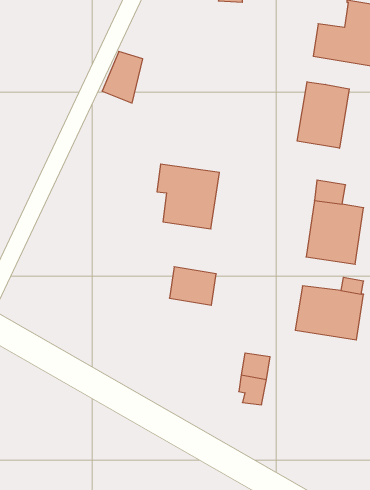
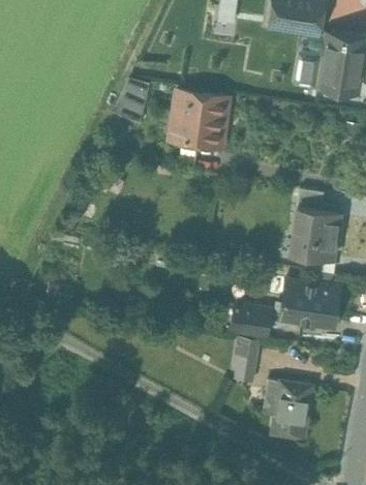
building: [297,82,349,148] -> none
building: [157,164,219,229] -> [174,93,227,149]
building: [169,267,216,305] -> [231,306,271,339]
building: none -> [264,383,313,443]

